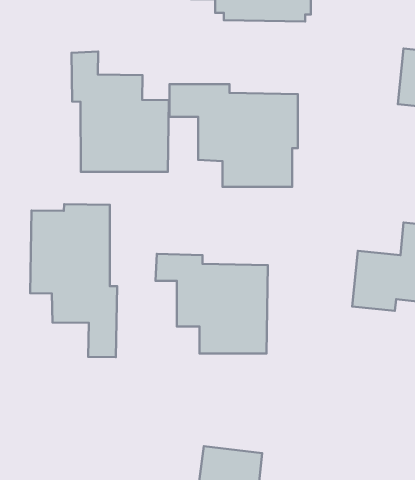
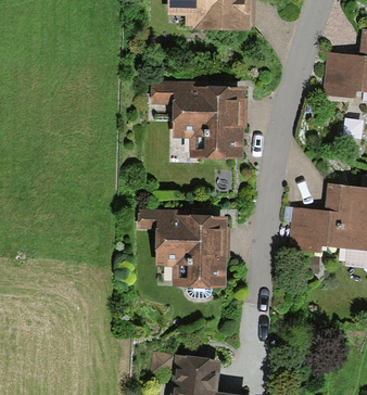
building: [72,52,169,172] -> none
building: [30,204,117,357] -> none

